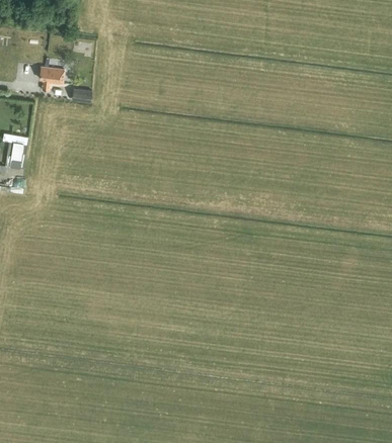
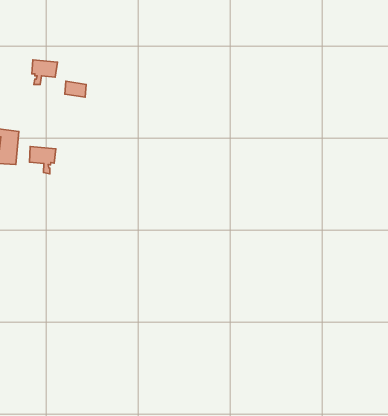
building: none -> [29,146,56,174]

